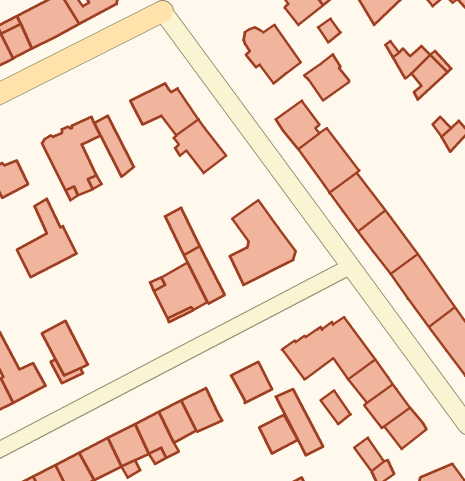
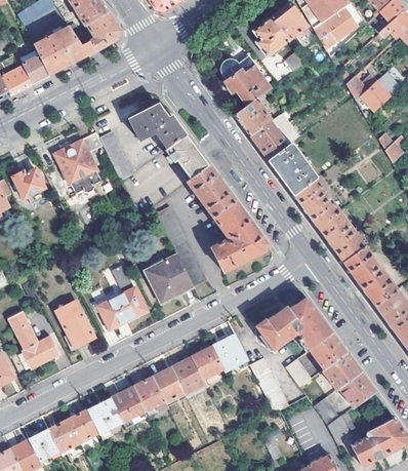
building: [304,54,349,100] -> [234,96,271,134]
building: none -> [187,164,235,217]
building: [17,199,77,277] -> [97,265,147,329]
building: [259,415,298,453] -> [192,346,223,378]

